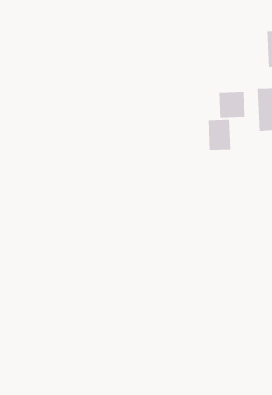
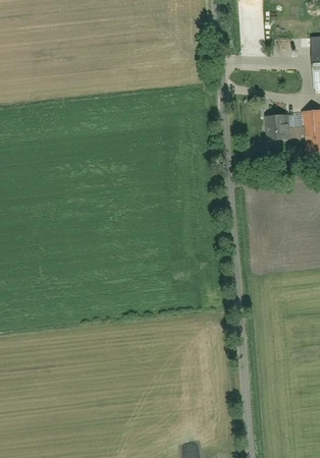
building: [208,119,231,151] -> none

